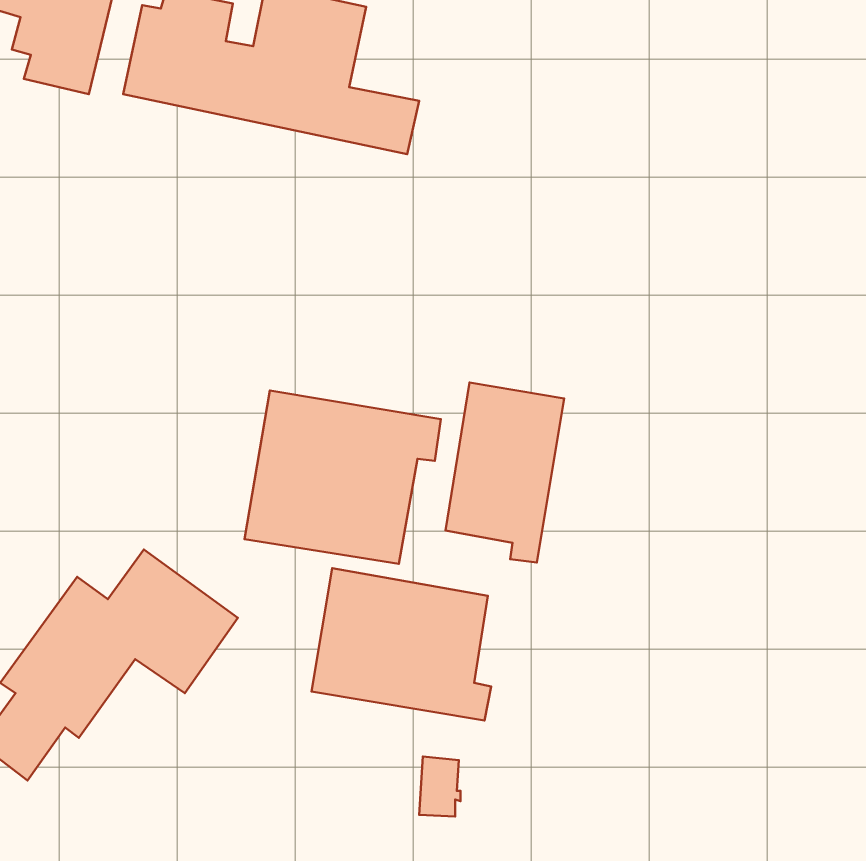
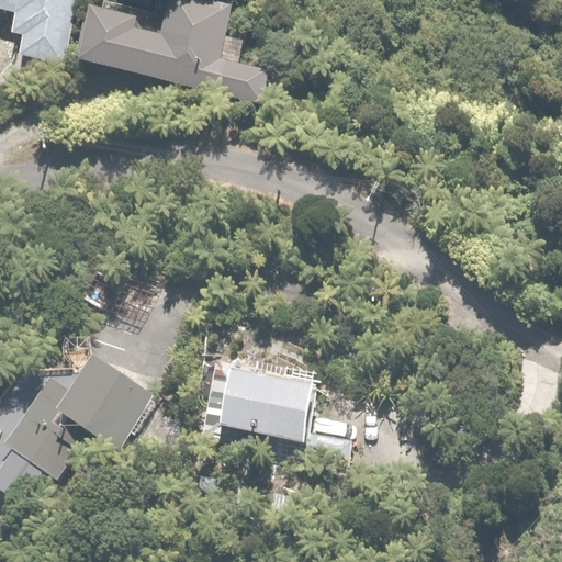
building: [446,383,564,563] -> none
building: [244,390,441,564] -> none

